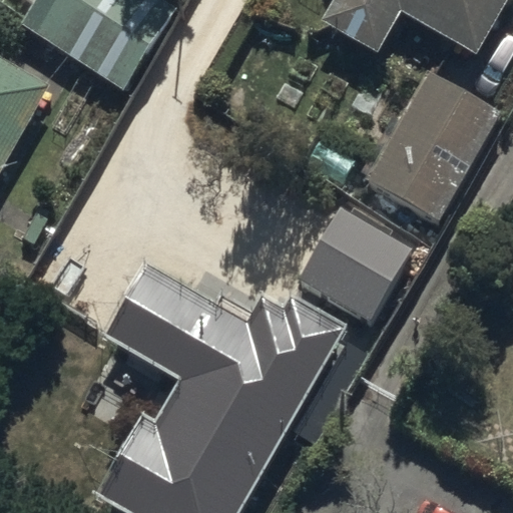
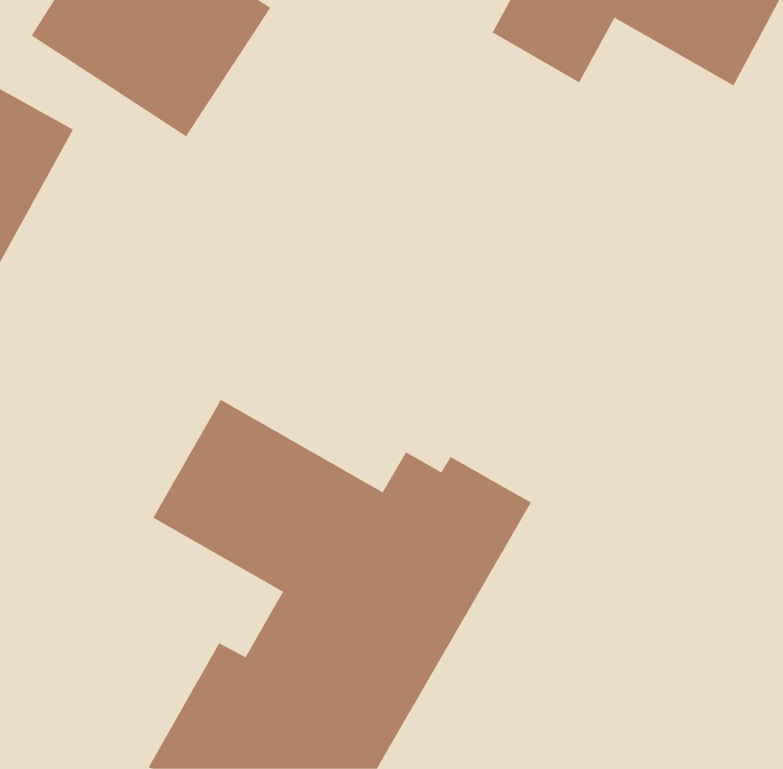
building: [363,70,500,222] -> none
building: [296,204,414,322] -> none

